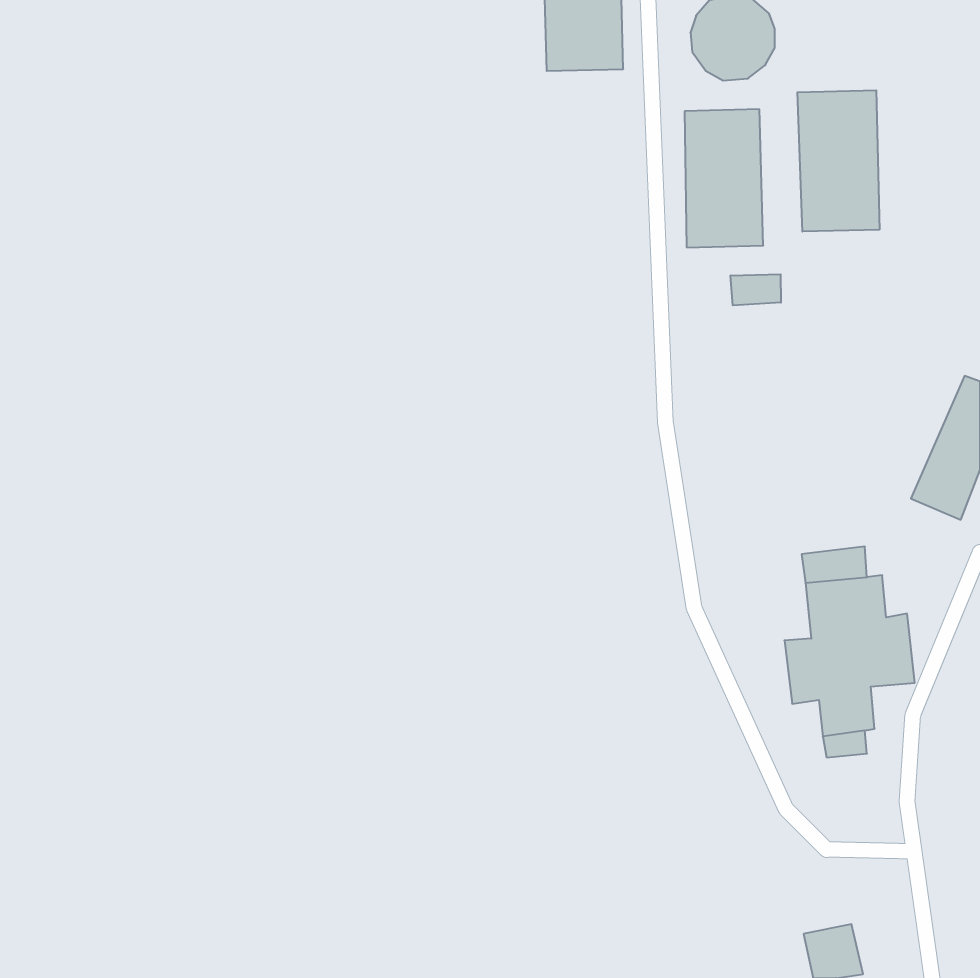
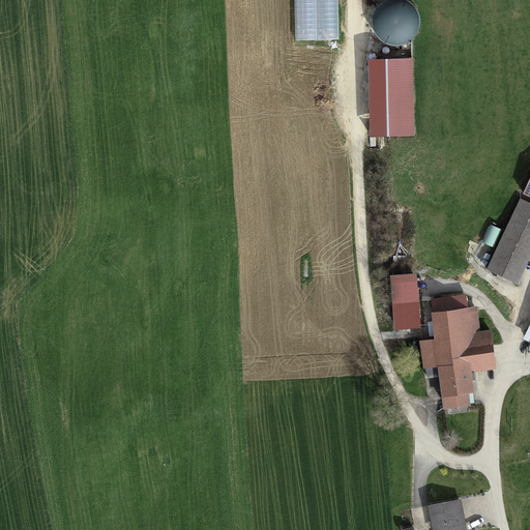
building: [797,90,879,232] -> none
building: [731,274,781,305] -> none
building: none -> [391,274,419,327]

